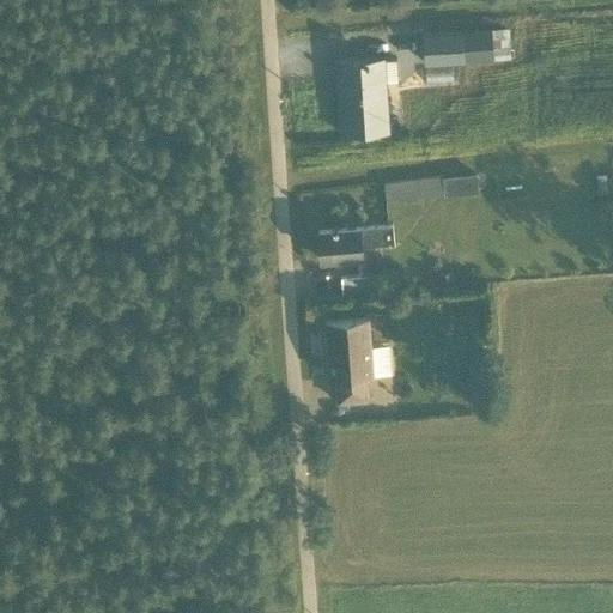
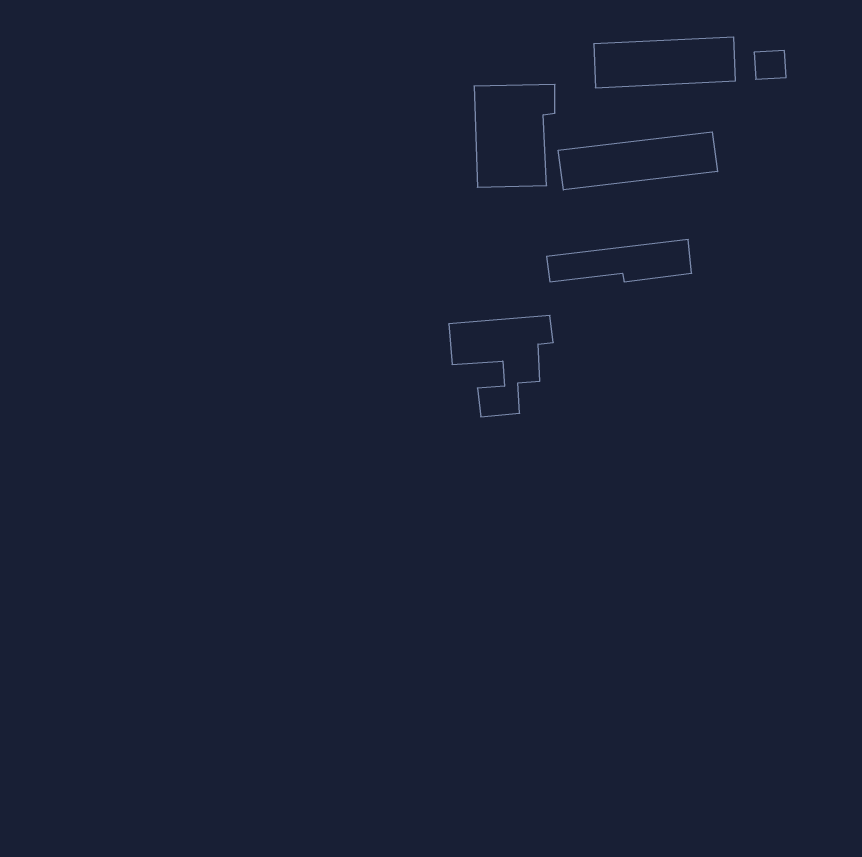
building: none -> [558,132,718,190]
building: [326,322,374,406] -> none

